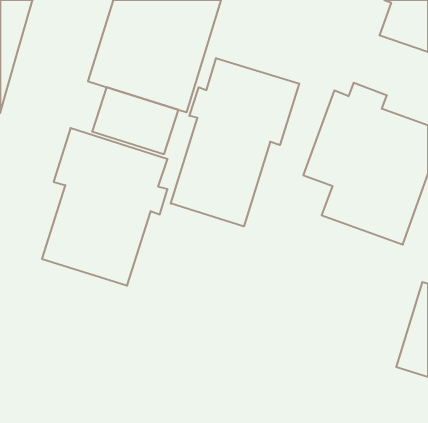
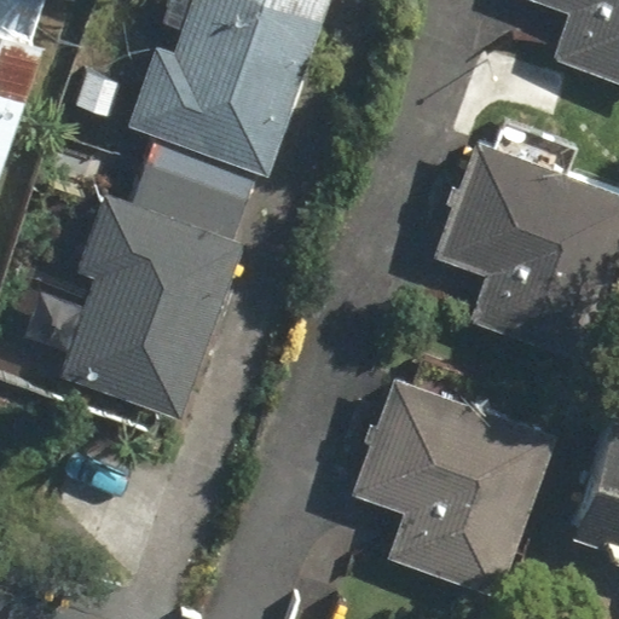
building: [171,58,299,226] -> none
building: none -> [354,364,556,598]

